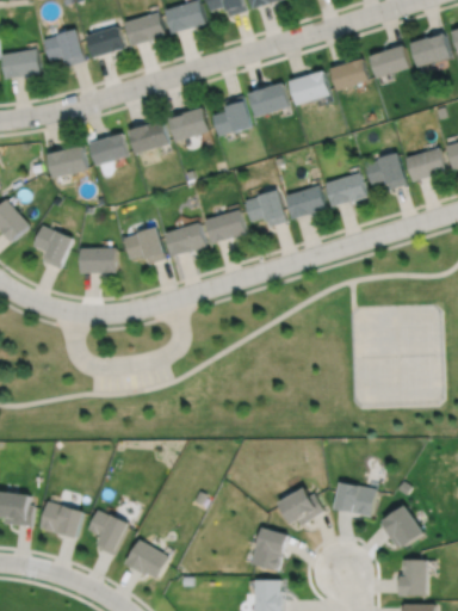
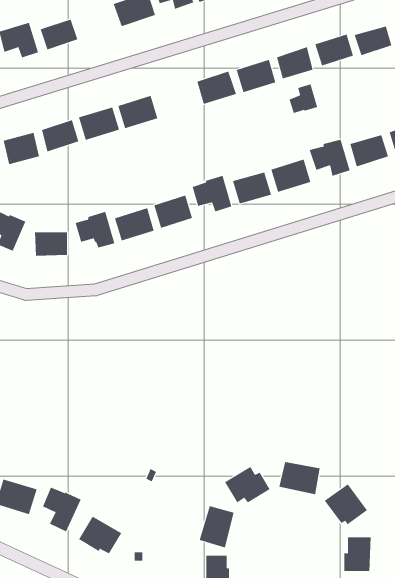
building: [125,14,163,43] -> none
building: none -> [289,84,318,114]
building: [211,94,250,136] -> none

